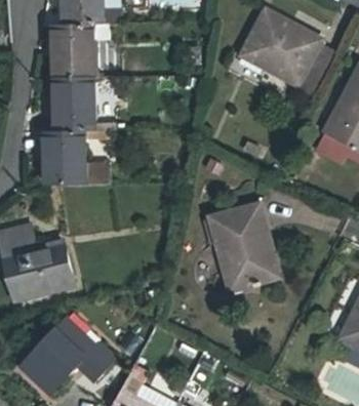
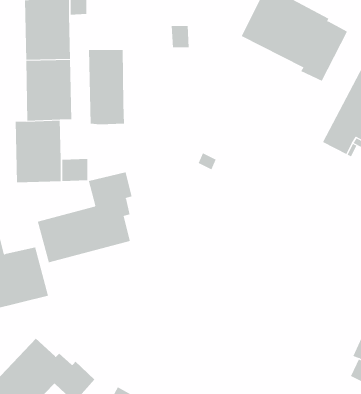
building: none -> [89,49,125,125]
building: none -> [37,172,132,263]
building: [209,204,277,289] -> none

